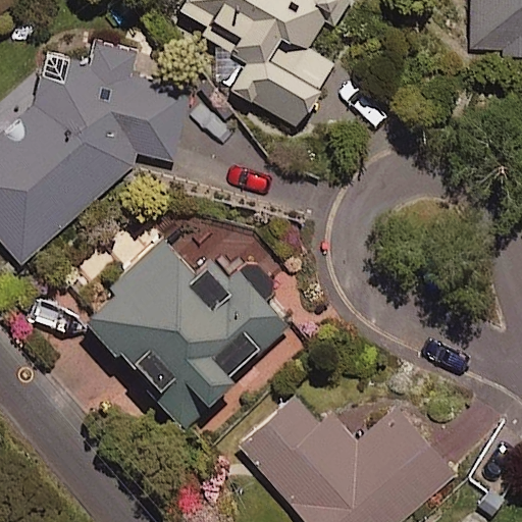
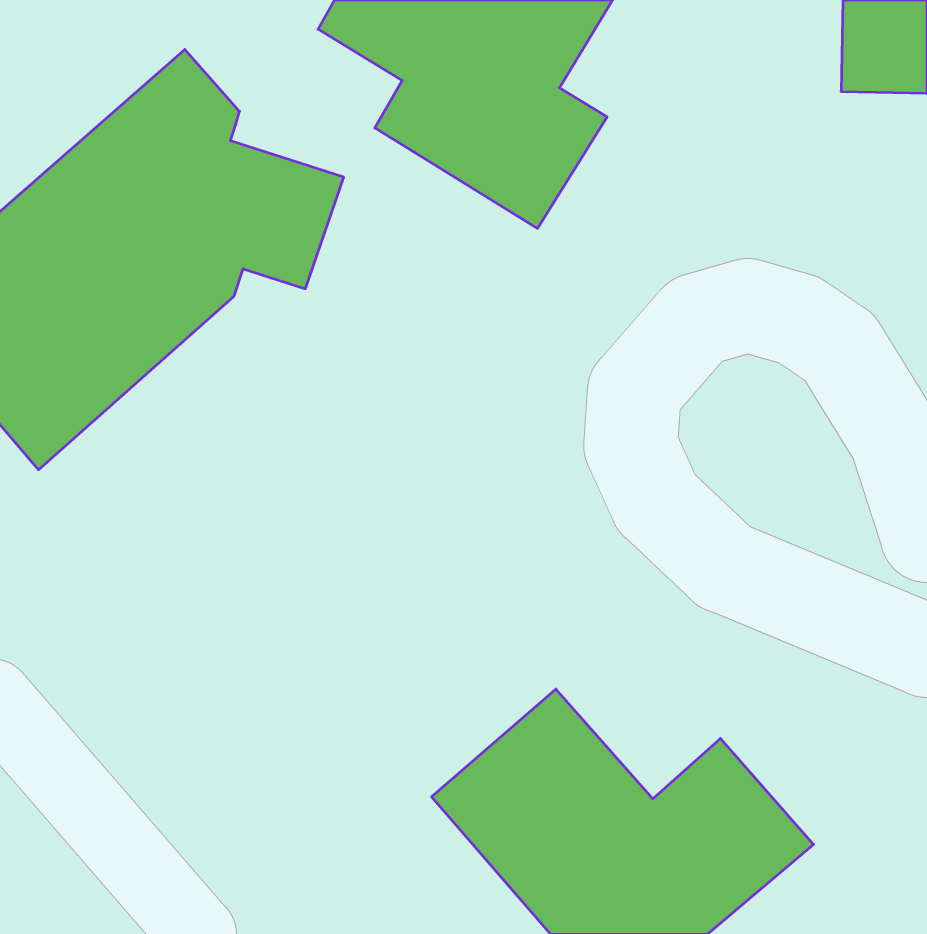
building: [83,242,288,424] -> none

